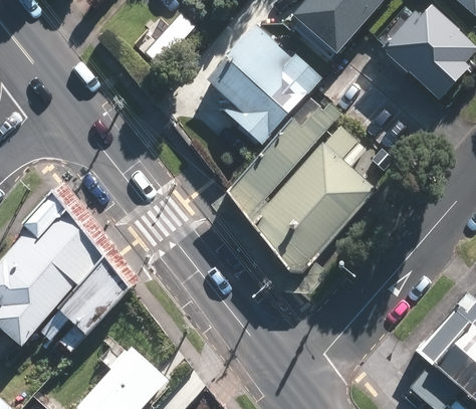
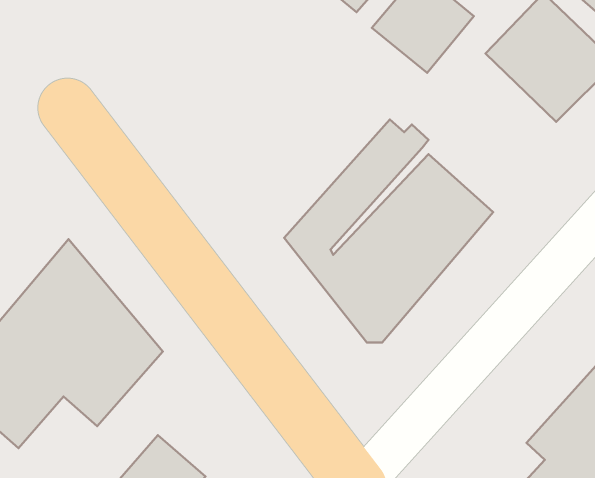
building: [208,25,322,144] -> none

